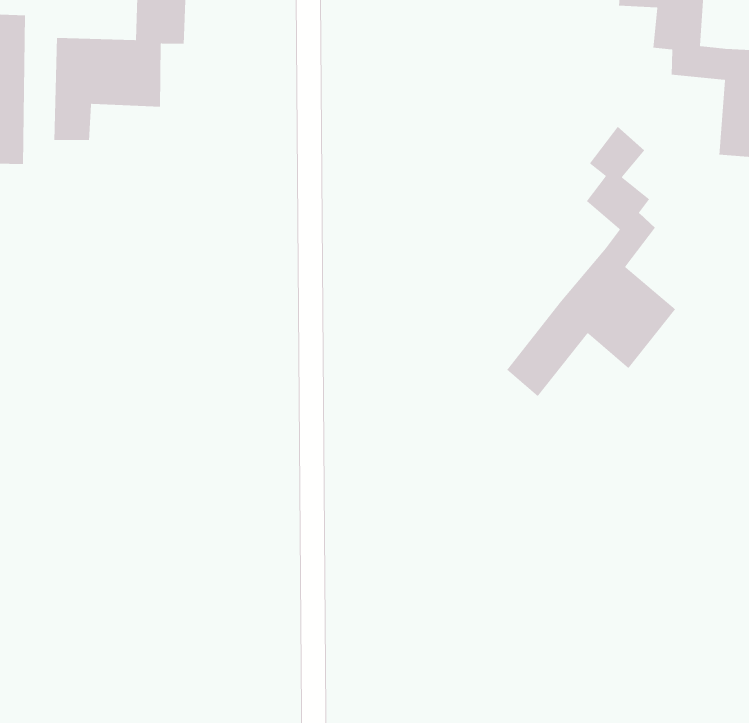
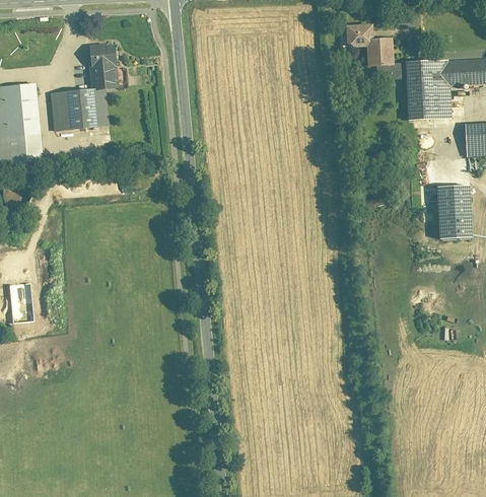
building: [506,126,676,397] -> none

